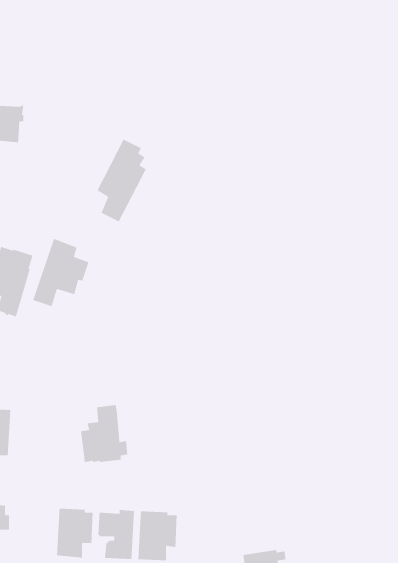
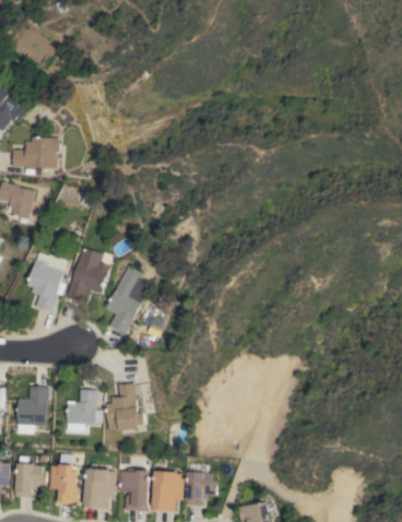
building: [96,139,147,222] -> [106,265,147,334]
building: none -> [67,389,104,431]
building: none -> [49,463,80,505]
building: none -> [187,471,217,506]

